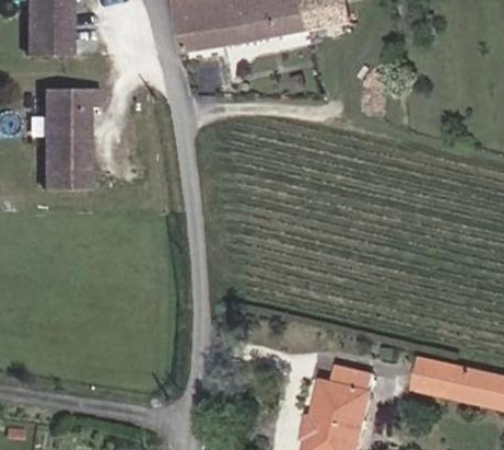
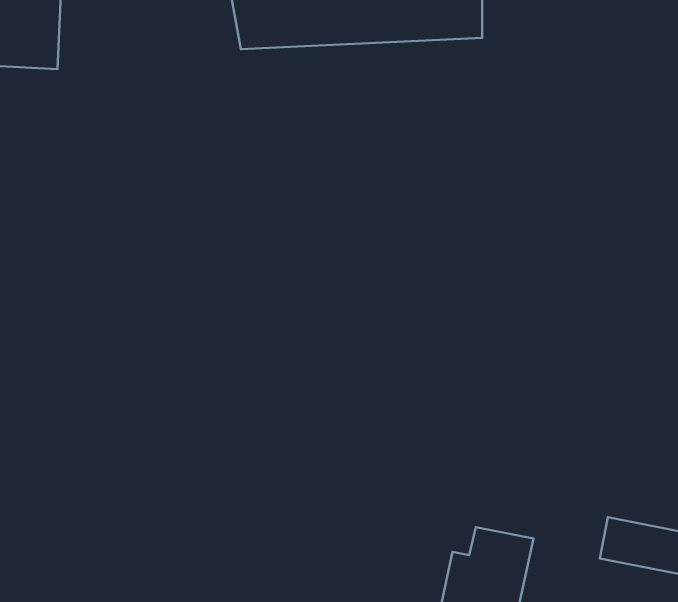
building: [35,86,103,192] -> none

